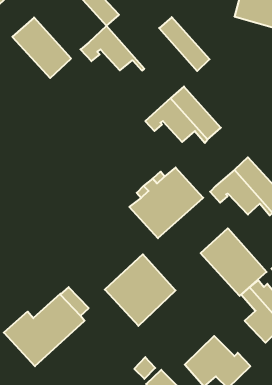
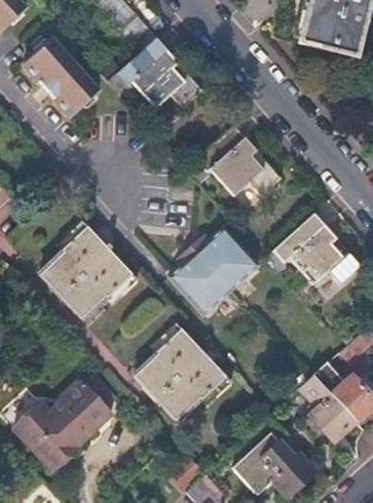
building: [159,17,210,71] -> [139,40,200,106]
building: none -> [41,230,128,317]
building: [201,228,267,296] -> none

